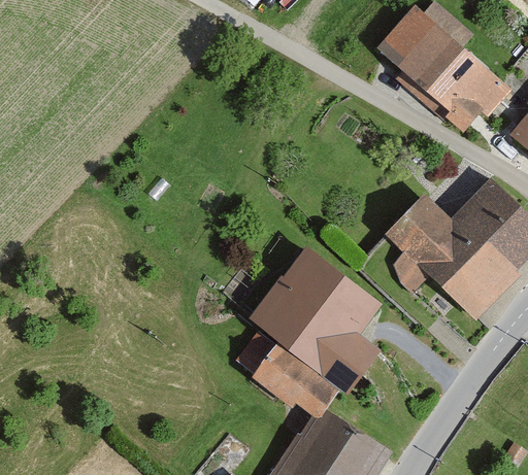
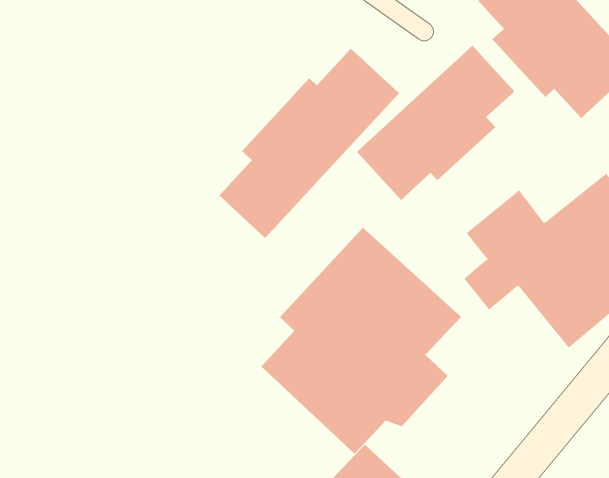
building: none -> [356,45,515,201]
building: none -> [219,48,400,239]

